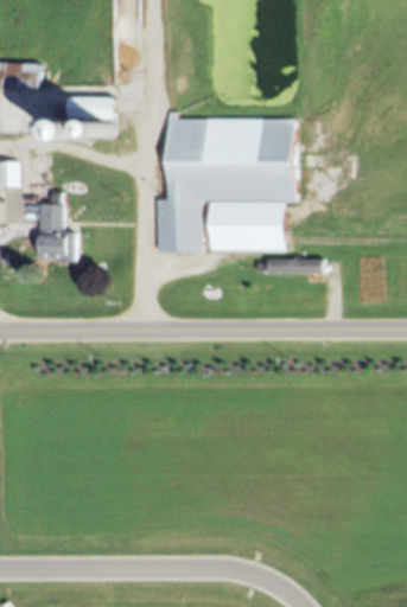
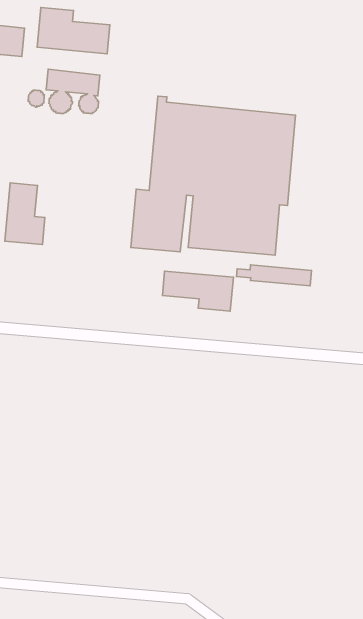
building: none -> [37,7,110,54]
building: none -> [162,271,233,311]

